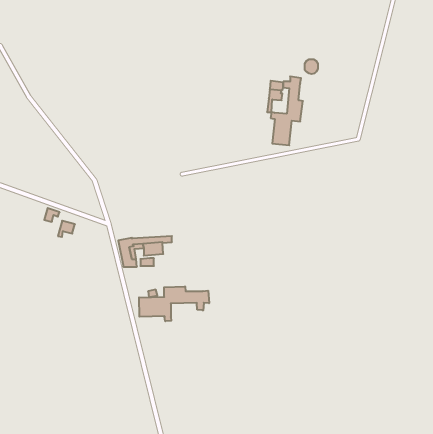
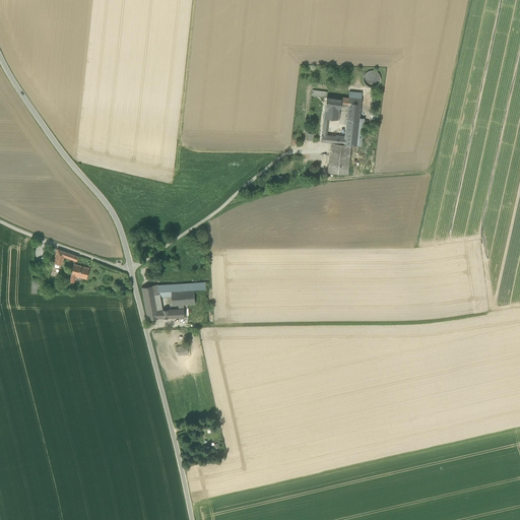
building: [139,286,209,321] -> none

